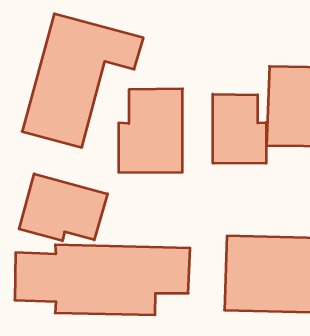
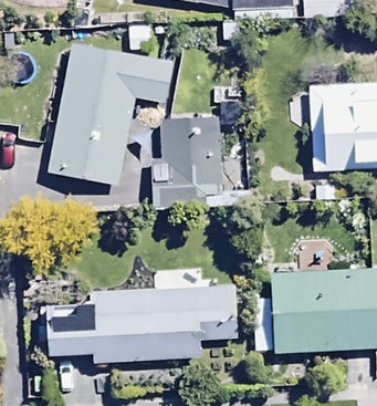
building: [213,94,266,163] -> none
building: [19,174,108,241] -> none

